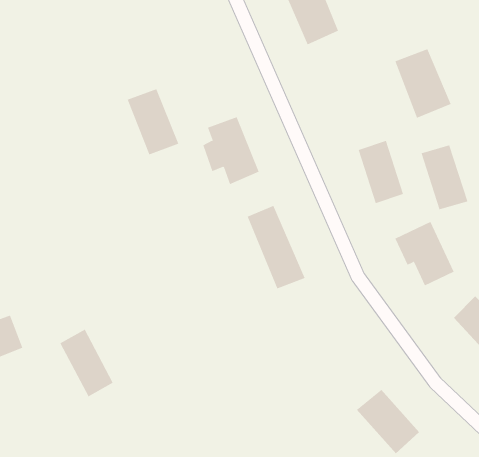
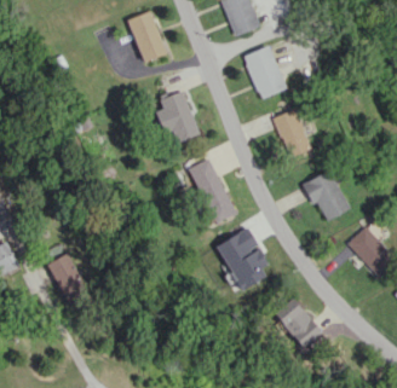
building: [394,49,452,118] -> [243,46,287,99]
building: [127,88,179,155] -> [127,11,167,62]
building: [421,144,468,210] -> none
building: none -> [217,227,267,290]

